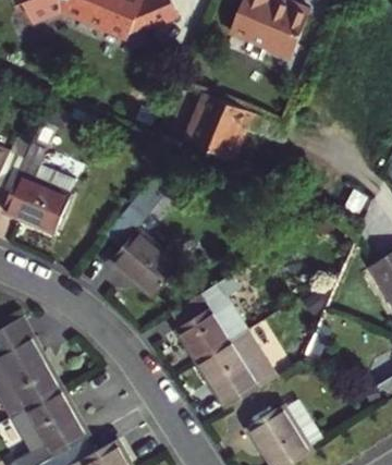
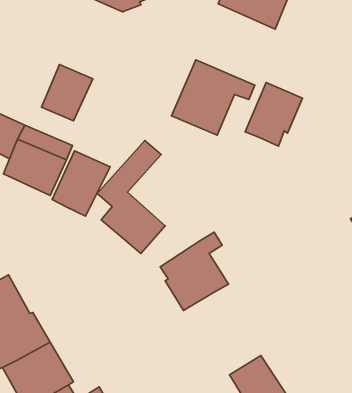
building: none -> [41,65,93,121]
building: none -> [245,83,302,146]
building: none -> [52,151,110,216]
building: [198,330,273,405] -> none

